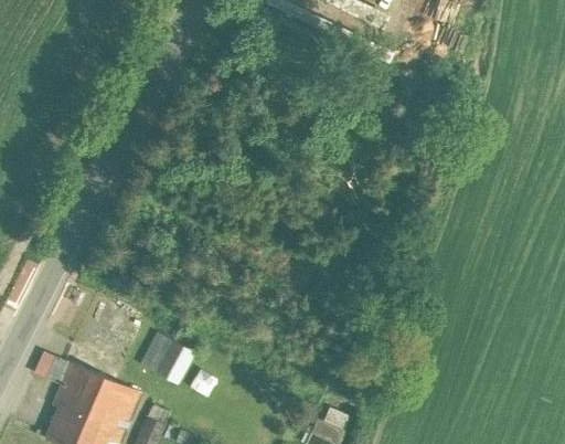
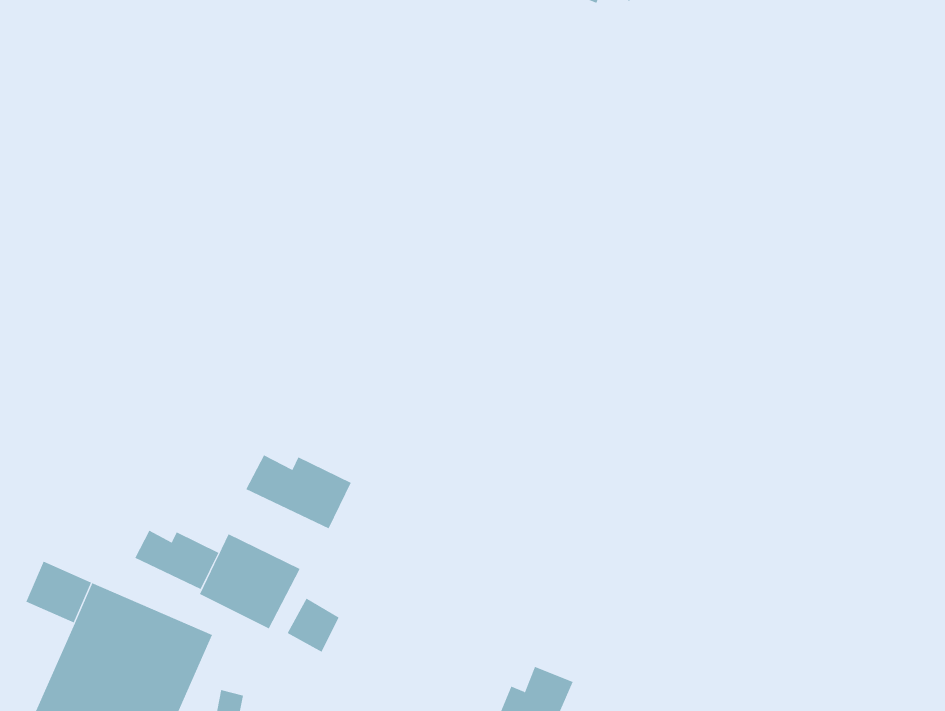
building: none -> [246,454,351,529]
building: none -> [134,530,219,590]

